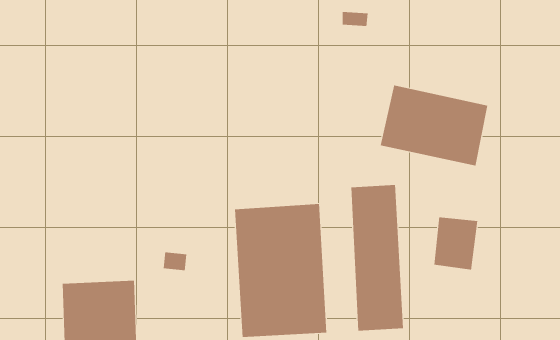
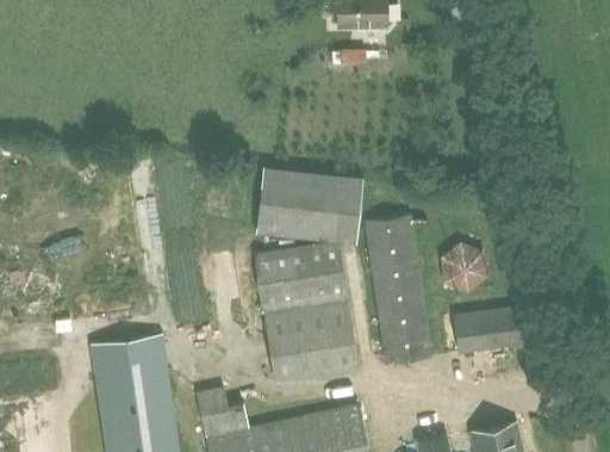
building: [380,85,488,166] -> [257,168,360,240]
building: none -> [454,308,519,351]

